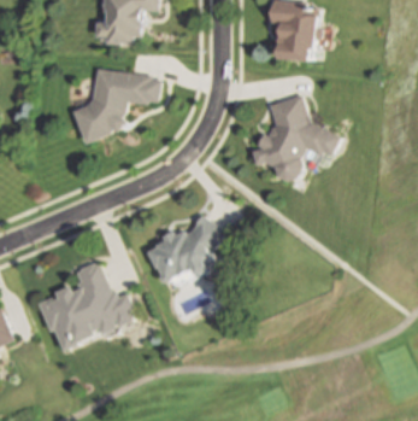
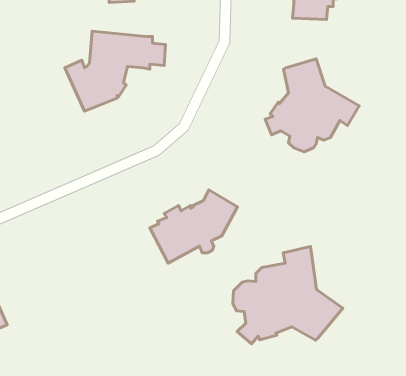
building: [40,263,133,350] -> none
building: none -> [233,247,343,344]

